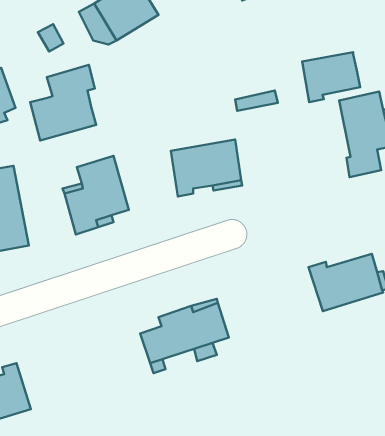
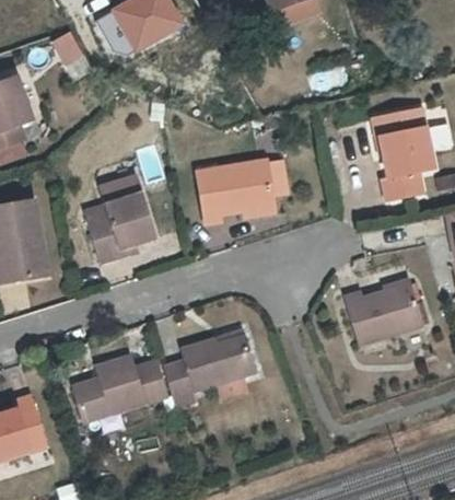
building: [302,52,360,102] -> none
building: [30,65,96,141] -> none
building: none -> [75,357,167,421]

